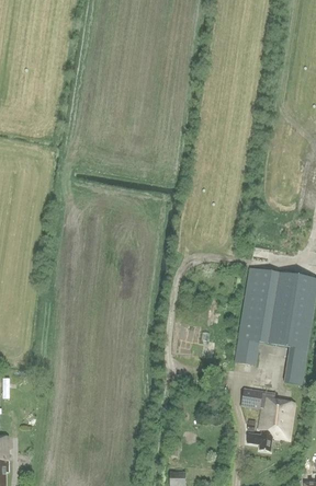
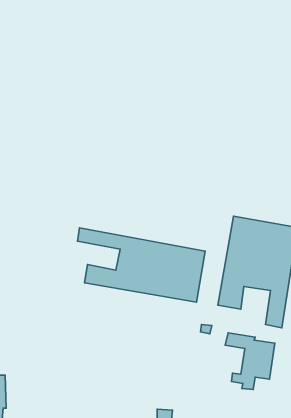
building: none -> [77,228,205,302]

